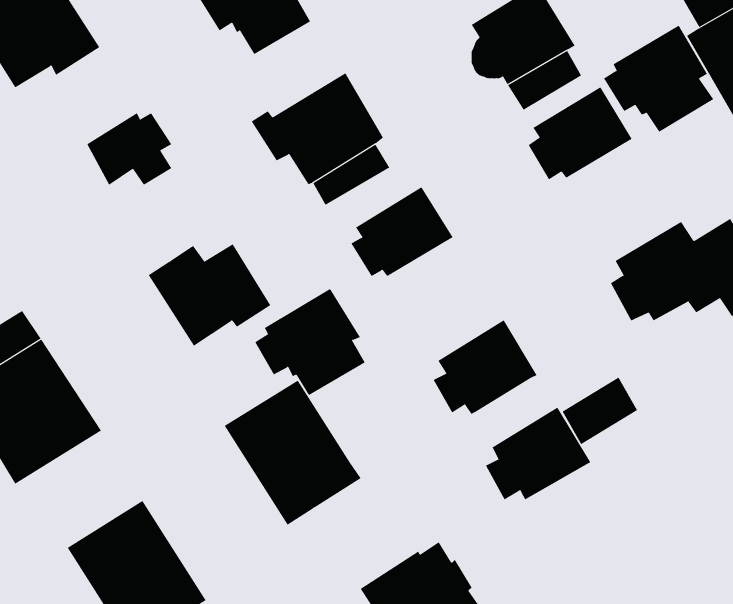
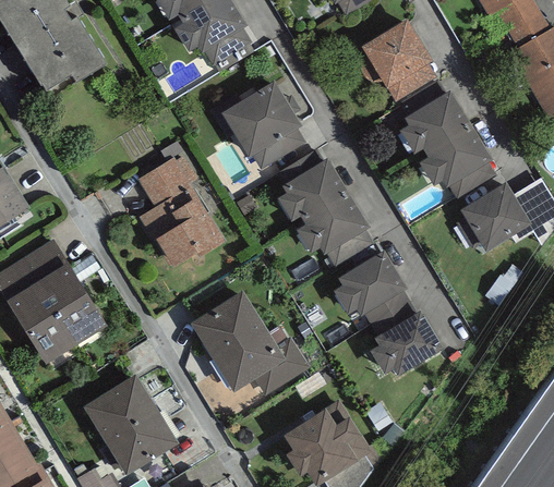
building: [603,25,714,132] -> [420,124,496,198]
building: [87,113,172,185] -> [138,158,197,208]
building: [255,288,365,396] -> [297,192,373,266]
building: [562,377,638,445] -> [363,289,416,336]
building: none -> [253,339,310,397]

